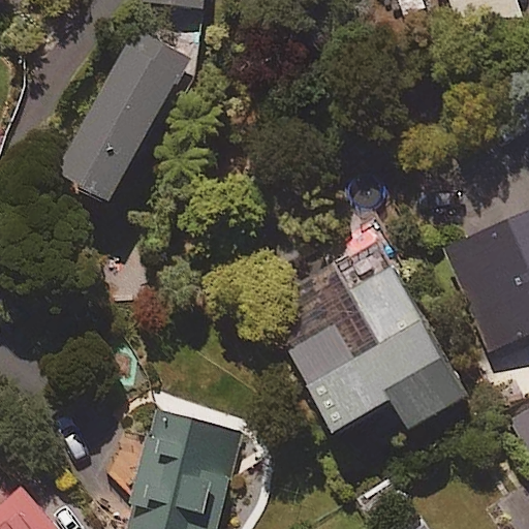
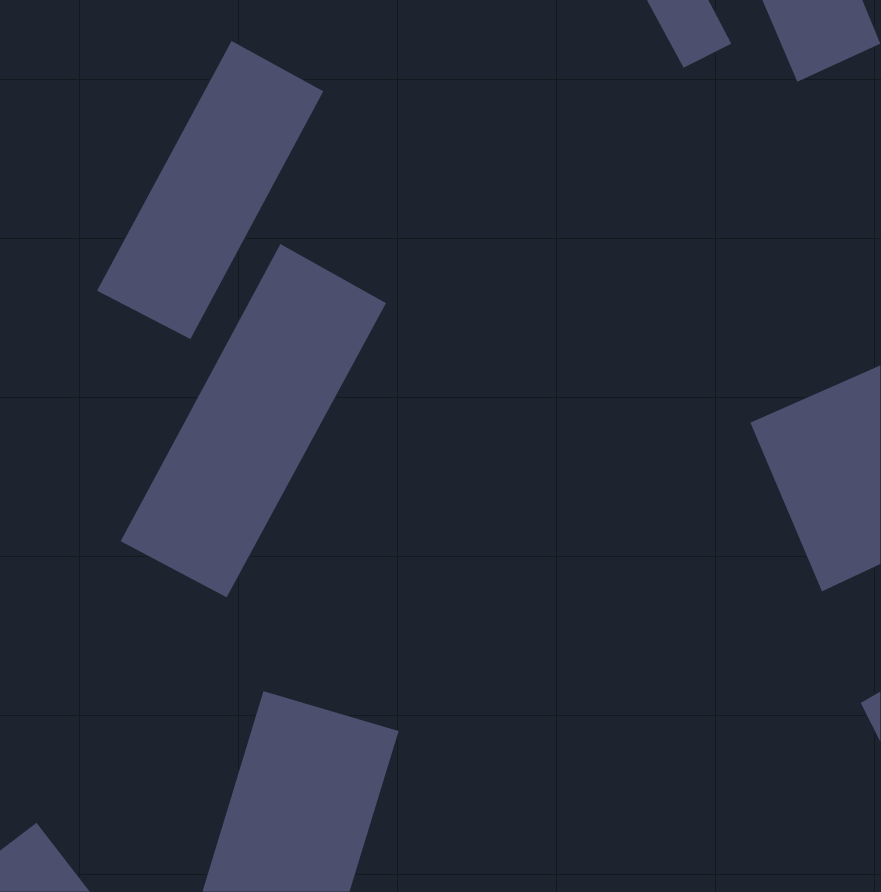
building: none -> [120,243,387,598]
building: [286,262,471,432] -> none

